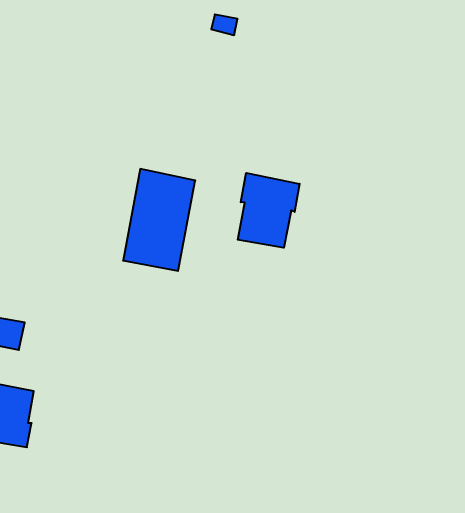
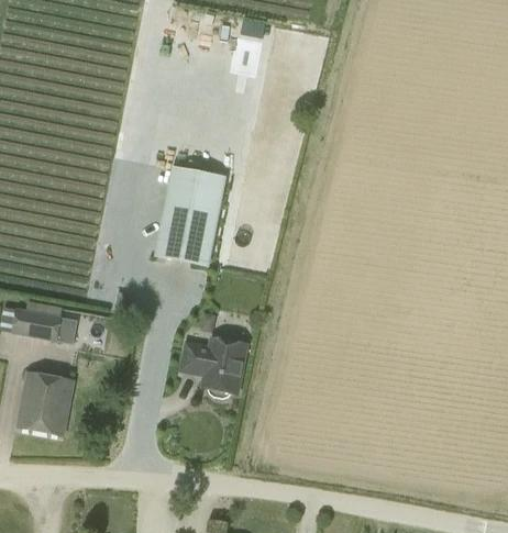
building: [238,173,300,248] -> none
building: none -> [181,338,247,398]

